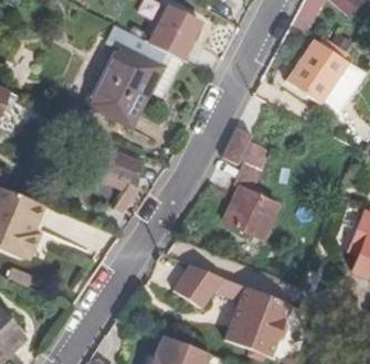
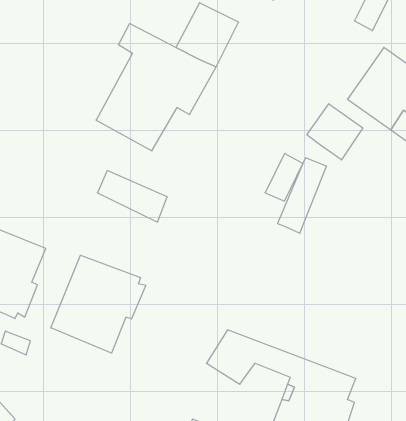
building: none -> [307,104,363,160]
building: [220,185,275,238] -> none
building: none -> [51,255,146,353]

